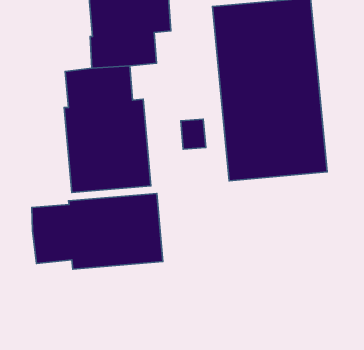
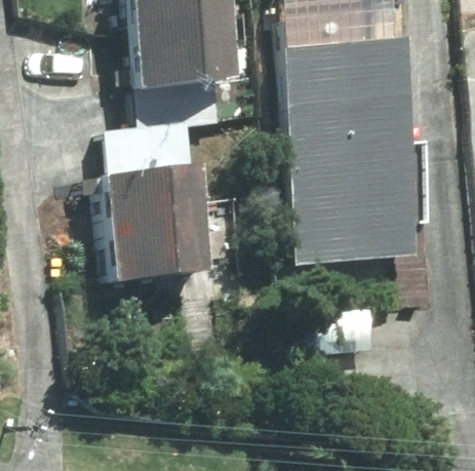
building: [32,193,163,269] -> none

